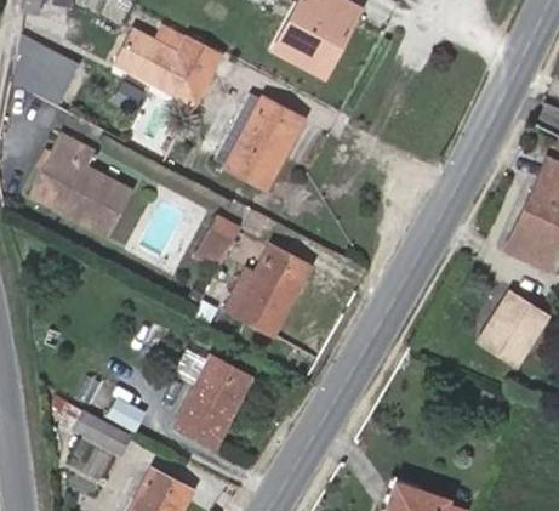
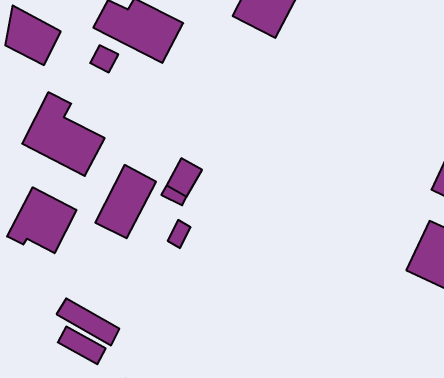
building: [227,101,302,187] -> none
building: none -> [7,187,76,253]
building: [235,248,306,333] -> [95,165,156,238]
building: [176,357,250,444] -> none

